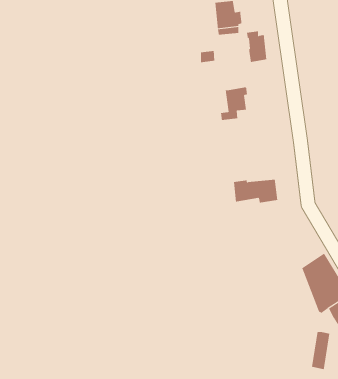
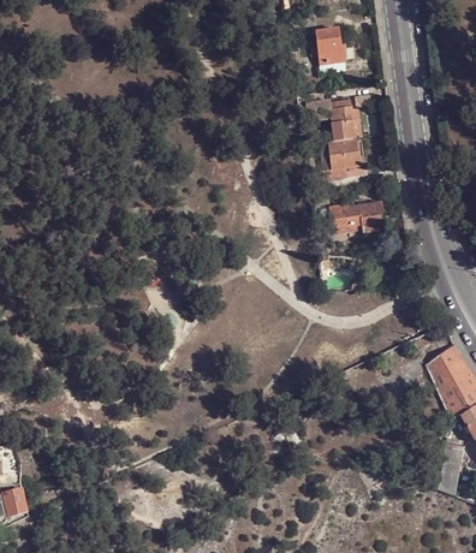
building: [246,31,267,62] -> [331,100,357,139]
building: [233,179,278,203] -> [332,202,388,232]

